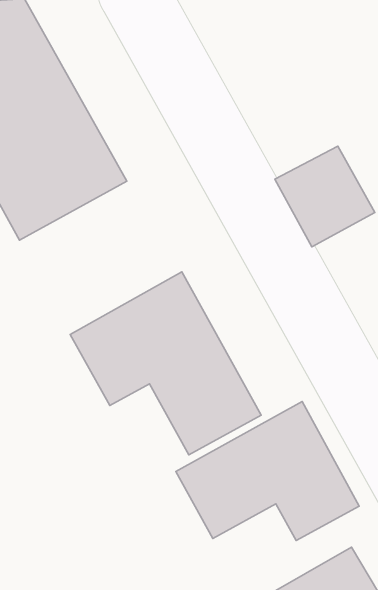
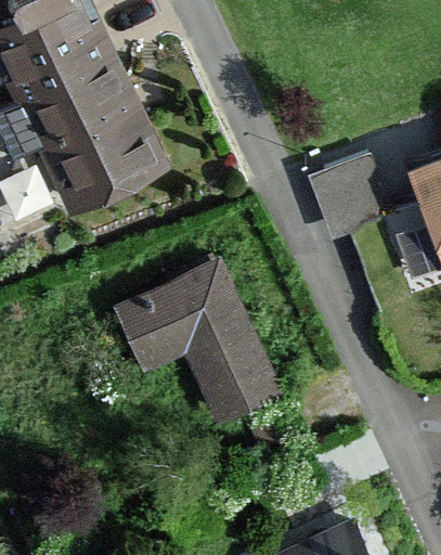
building: [176,401,359,541] -> none

